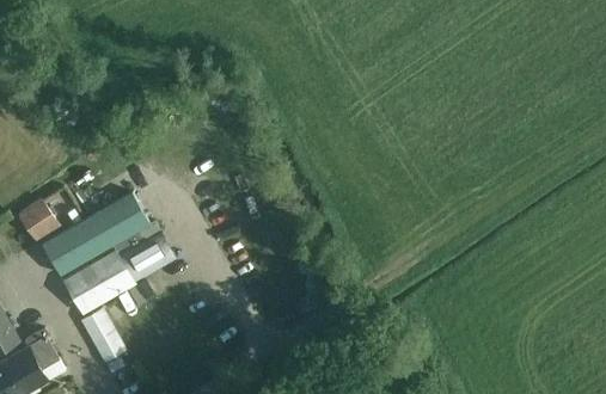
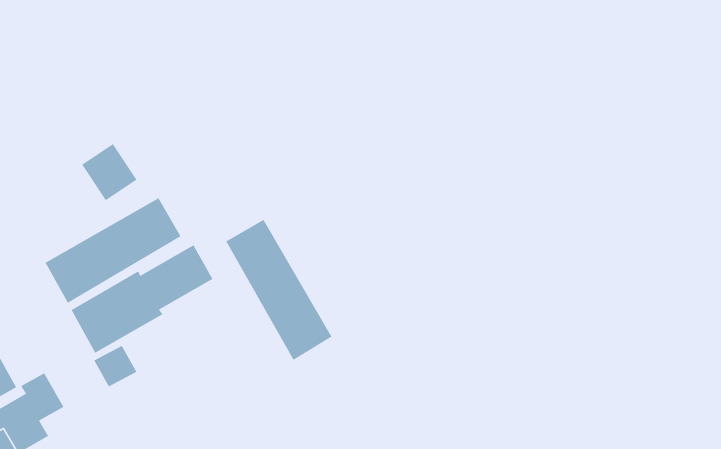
building: [17,198,61,244] -> [81,143,138,201]
building: none -> [225,219,333,361]

